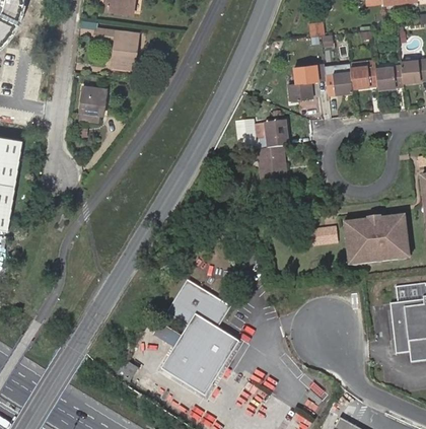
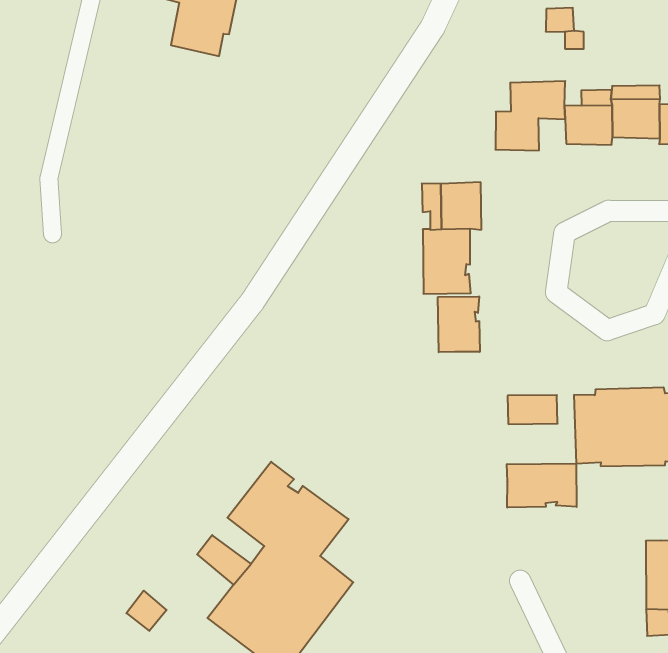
building: [77,85,104,120] -> none
building: none -> [438,296,480,352]
building: none -> [507,463,577,508]

